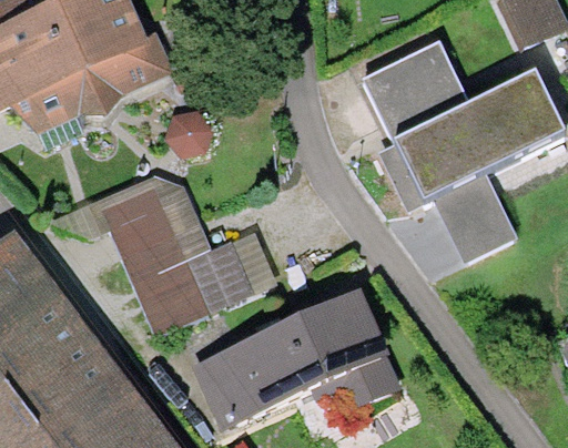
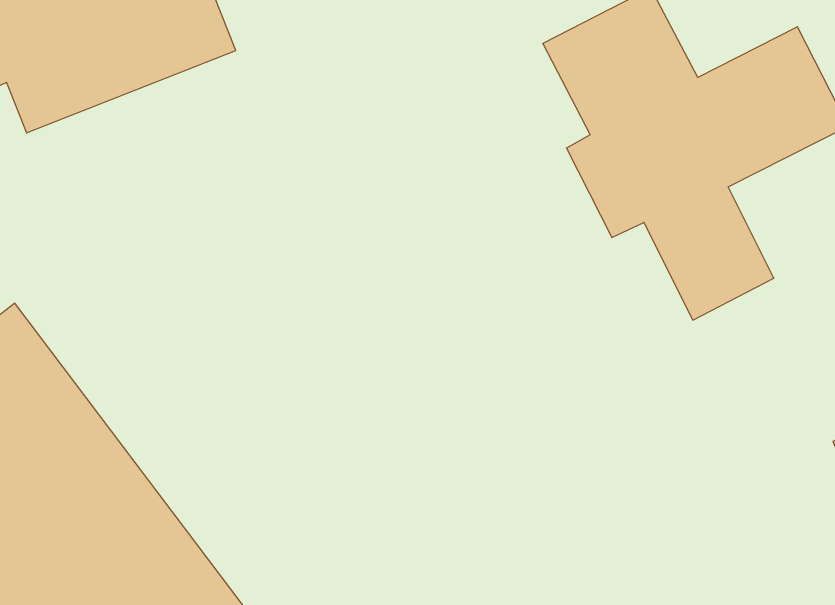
building: [97,181,245,339] -> none
building: [197,286,404,428] -> none

